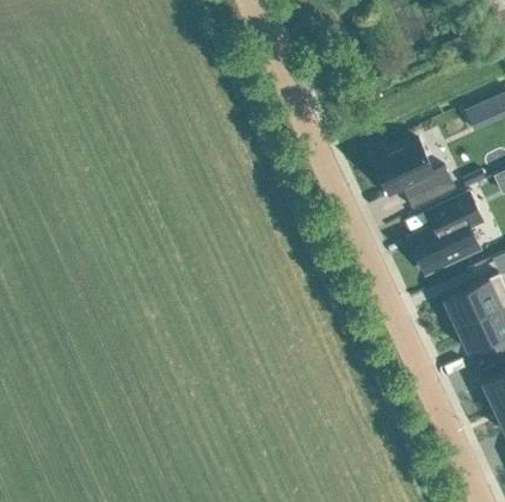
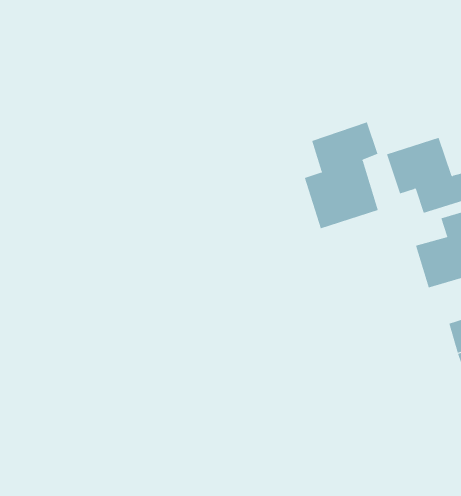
building: none -> [304,122,378,229]

